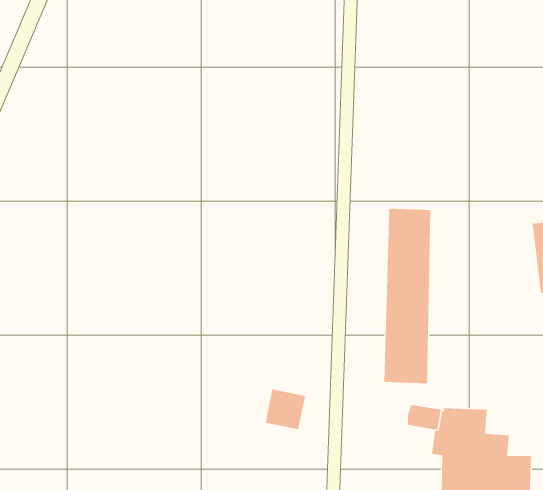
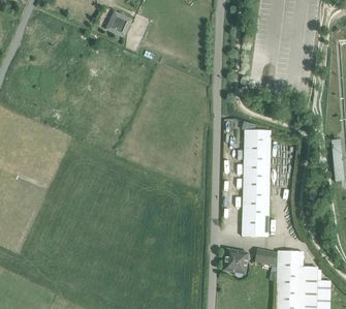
building: none -> [106,10,130,35]
building: [265,389,306,430] -> [223,249,248,274]

